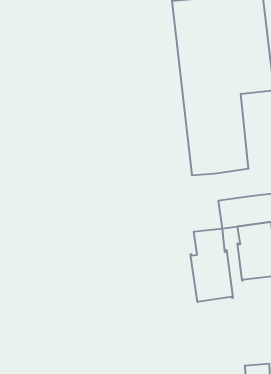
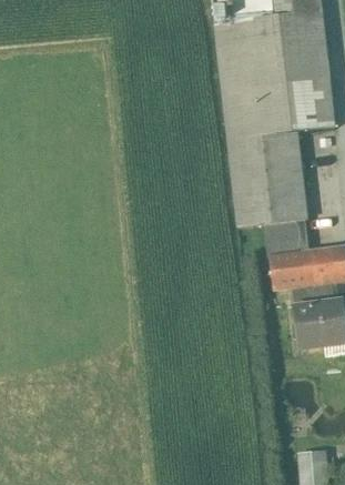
building: none -> [265,218,308,255]
building: [191,228,233,302] -> none

